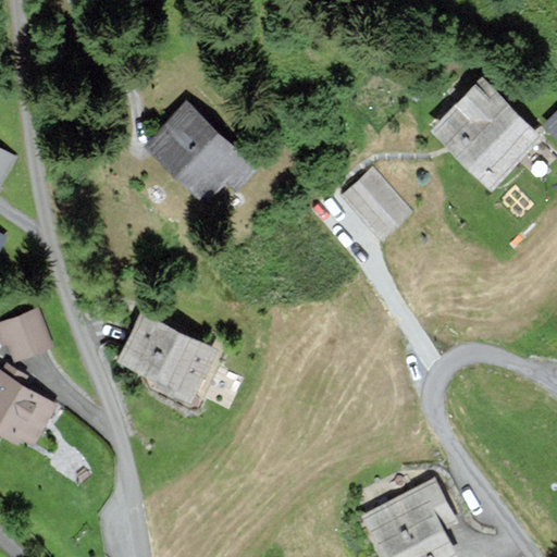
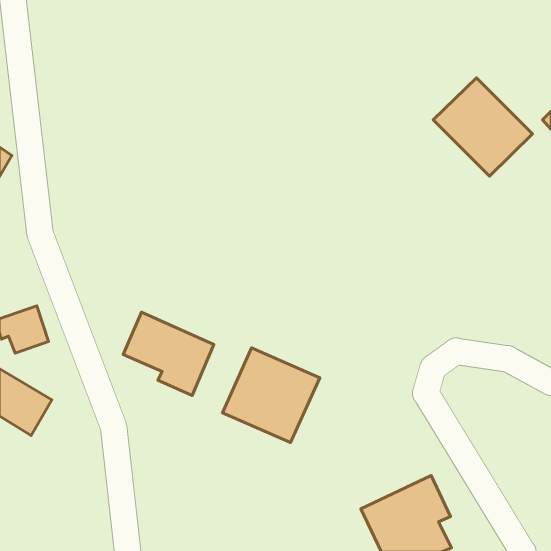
building: [150,106,250,205] -> none
building: [347,173,406,233] -> none
building: none -> [222,348,320,443]

